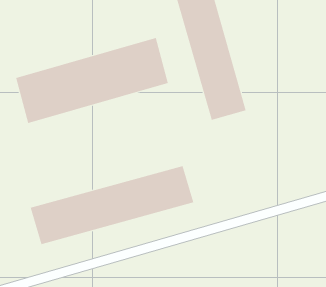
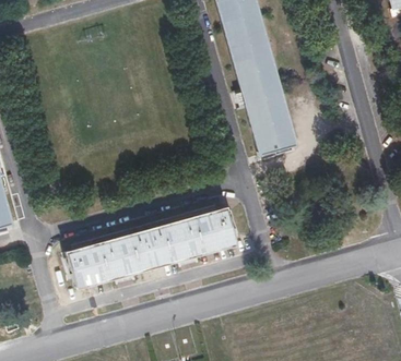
building: [15,37,169,124] -> none

